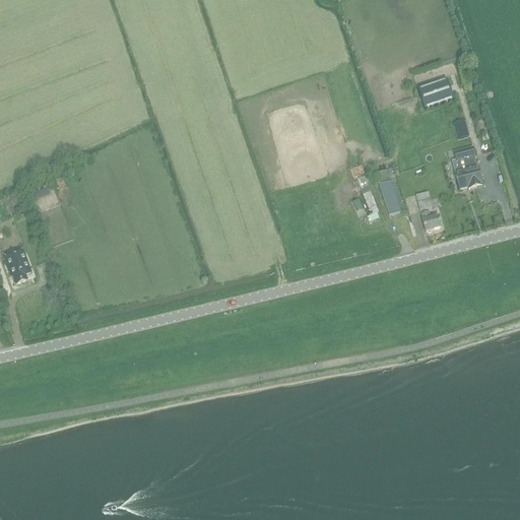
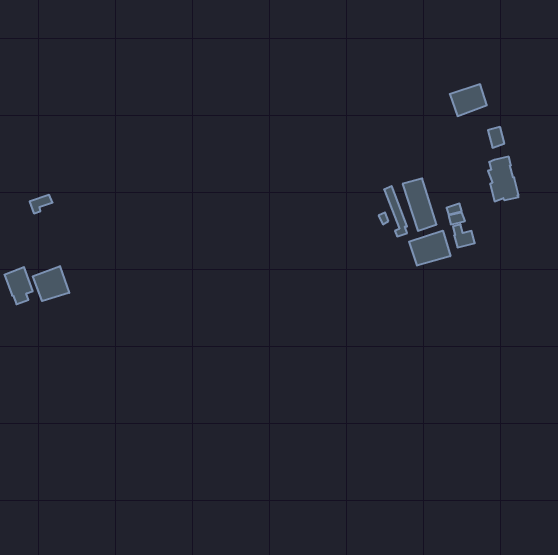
building: none -> [409,231,450,266]
building: none -> [33,266,69,301]

